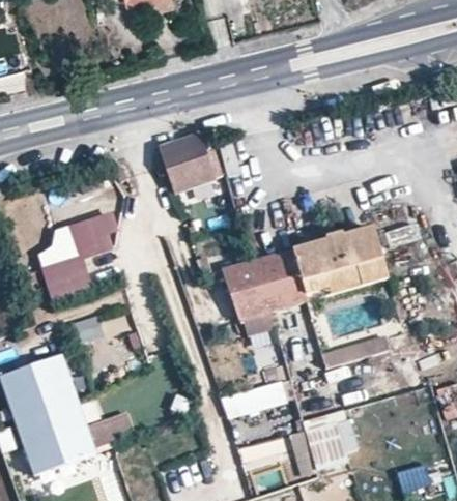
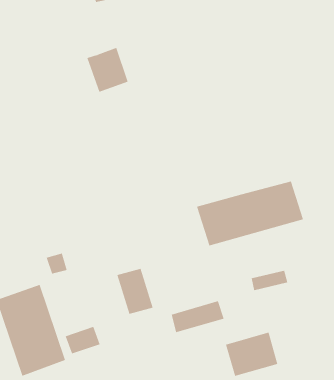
building: [161,134,213,190] -> [86,47,129,93]
building: [40,212,119,304] -> none
building: [222,261,268,319] -> [116,268,154,315]

